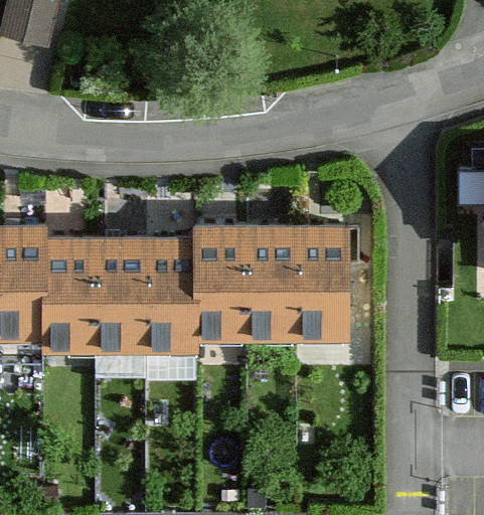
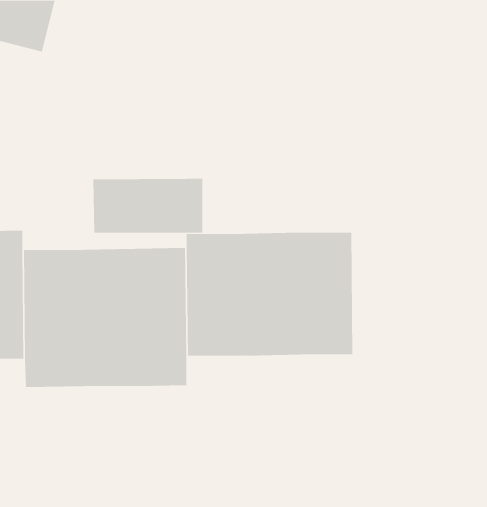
building: none -> [93,178,203,233]

